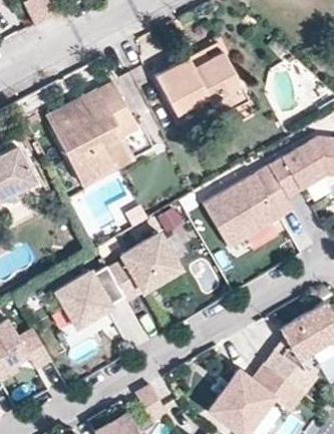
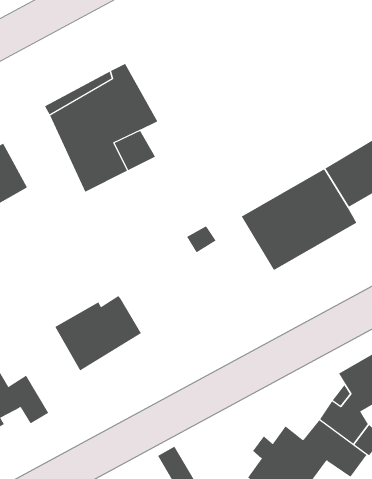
building: [157,50,249,115] -> none
building: [108,234,181,301] -> none

